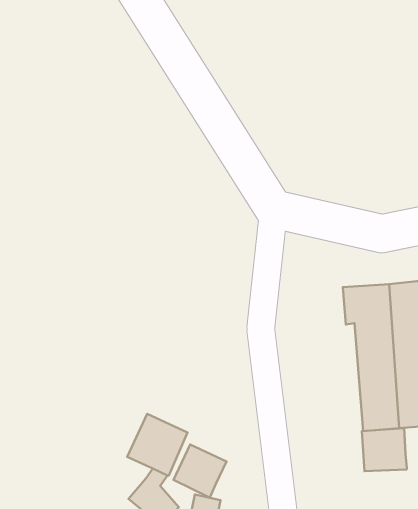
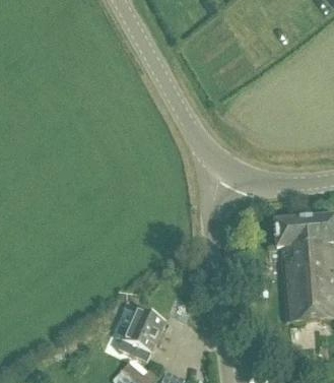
building: [362,428,407,471] -> none
building: [174,445,227,498] -> none

